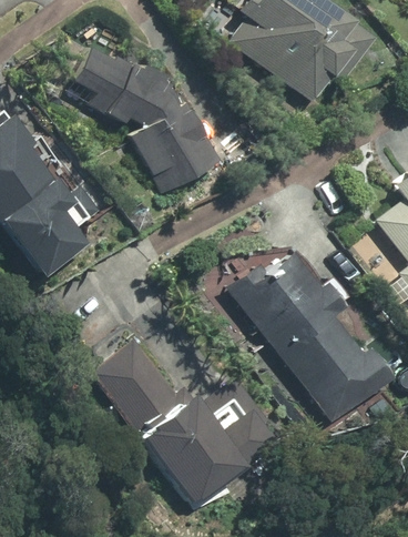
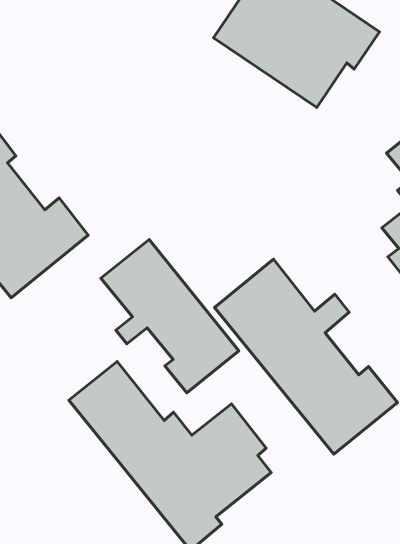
building: [73,41,221,190] -> none
building: none -> [101,239,239,393]

